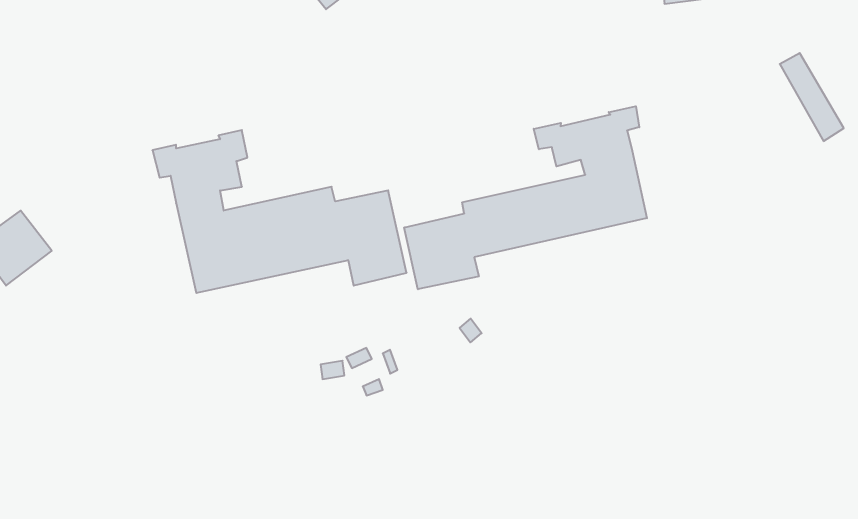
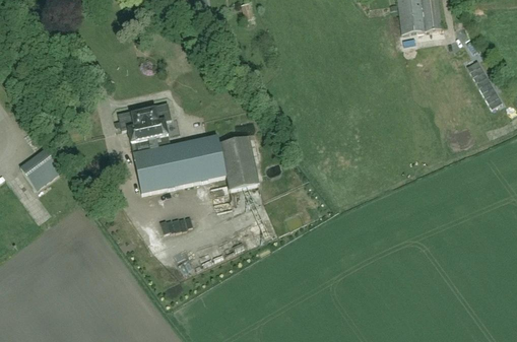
building: [404,106,647,289] -> none

